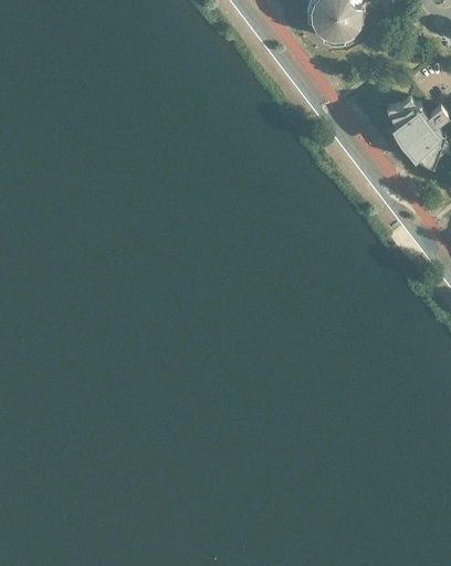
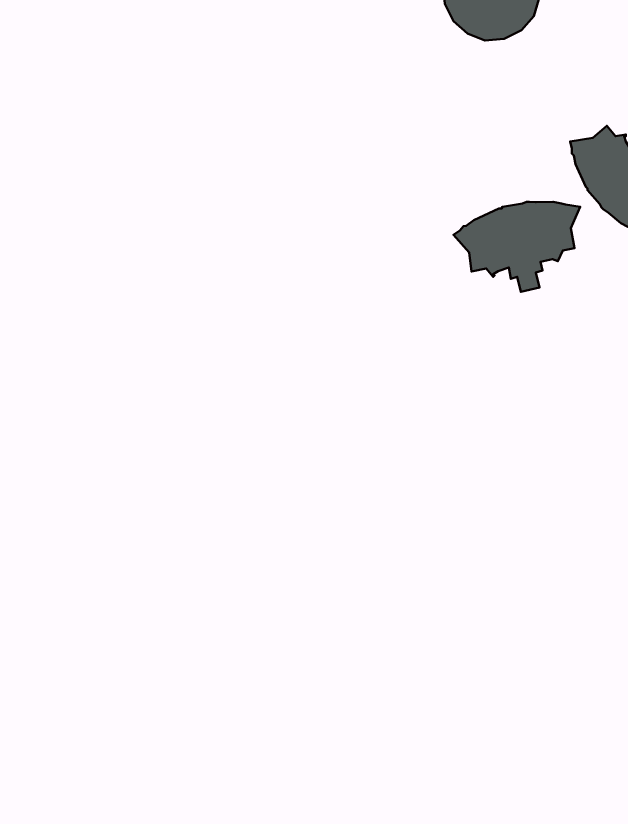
building: none -> [453,202,580,292]

